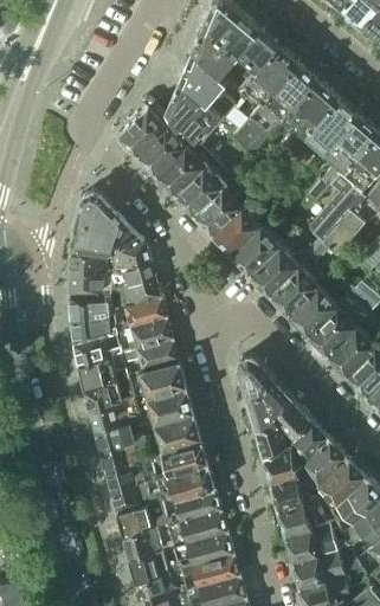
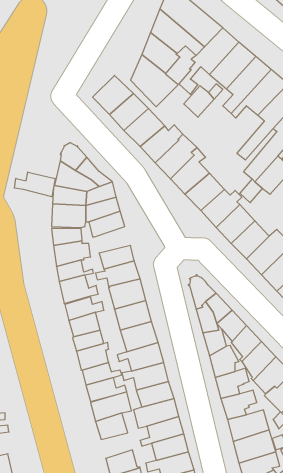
building: none -> [14,172,55,197]
building: [117,297,167,333] -> none
building: [129,554,169,586] -> none

